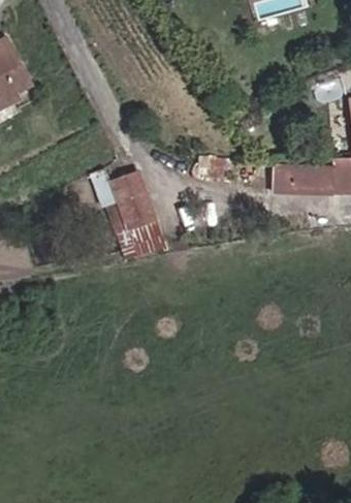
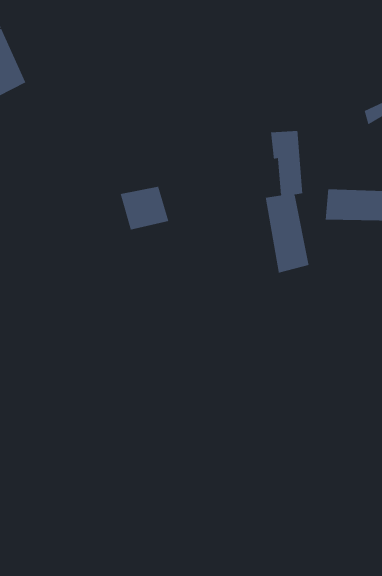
building: none -> [265,130,309,274]
building: [119,197,162,254] -> none

